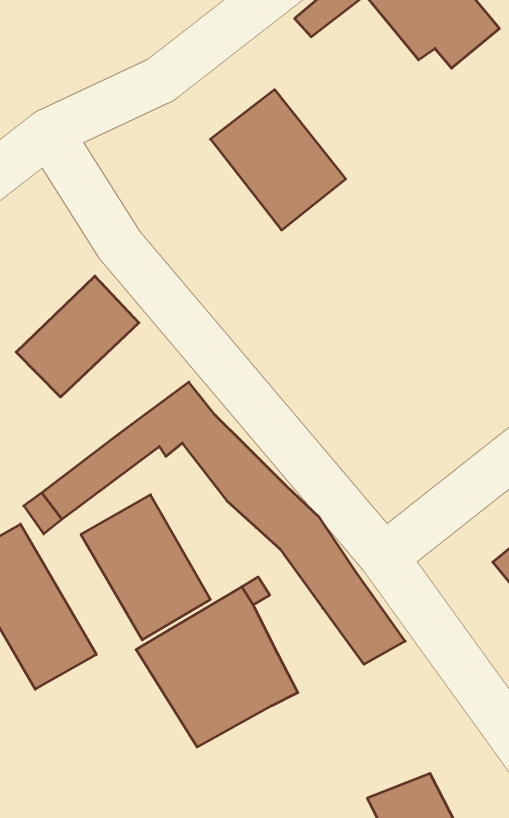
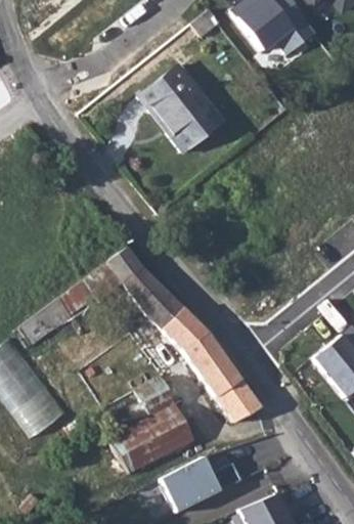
building: [16,276,139,397] -> none
building: [81,495,210,640] -> none
building: none -> [164,461,241,507]

